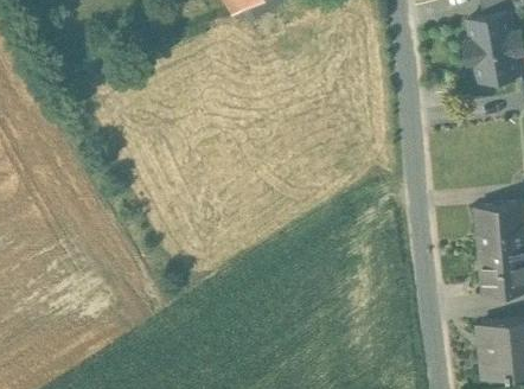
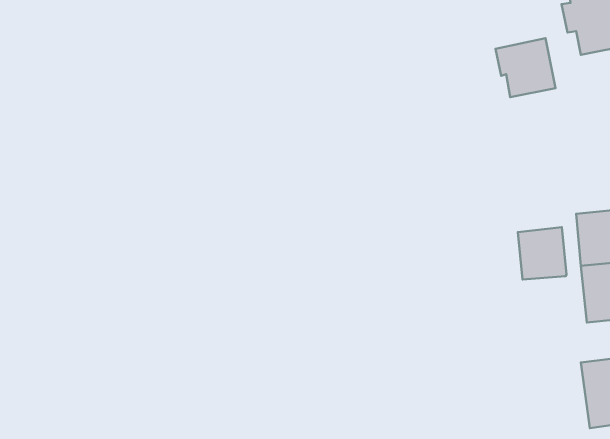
building: none -> [495,38,556,97]
building: none -> [518,227,566,280]

